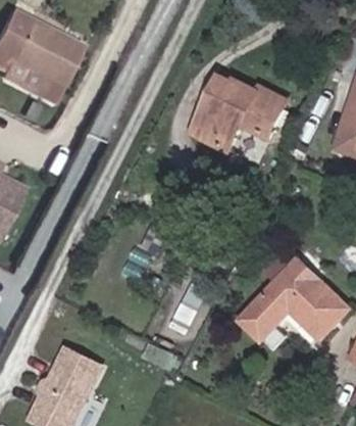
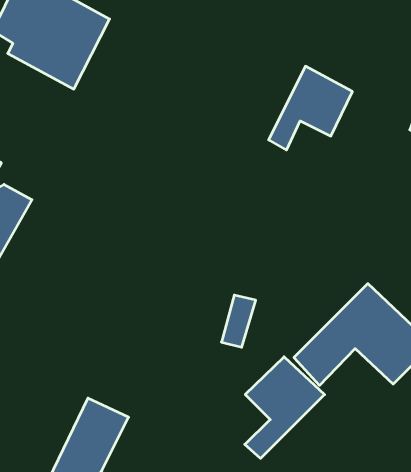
building: [192,80,246,144] -> none
building: none -> [245,357,325,458]

